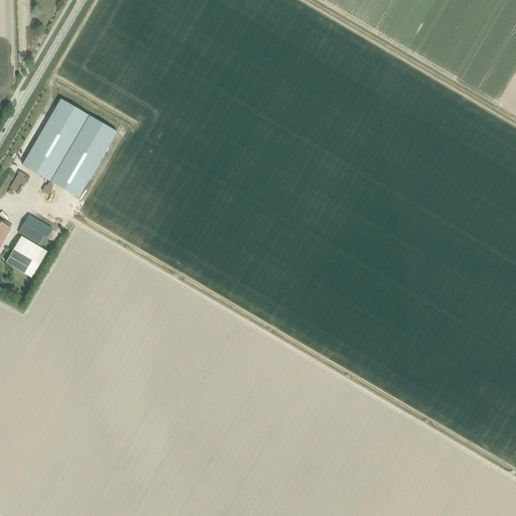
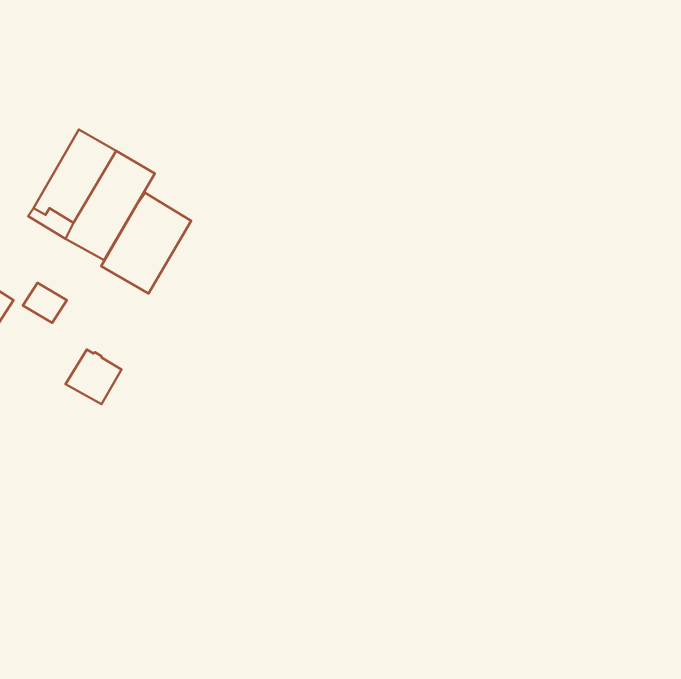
building: none -> [101,193,191,294]
building: [4,235,46,276] -> [65,349,122,404]

